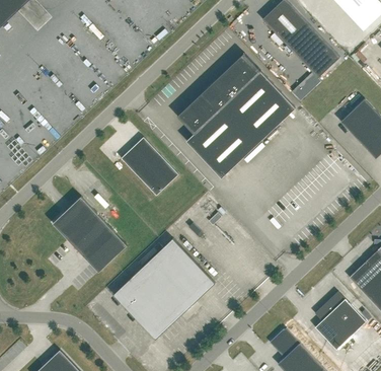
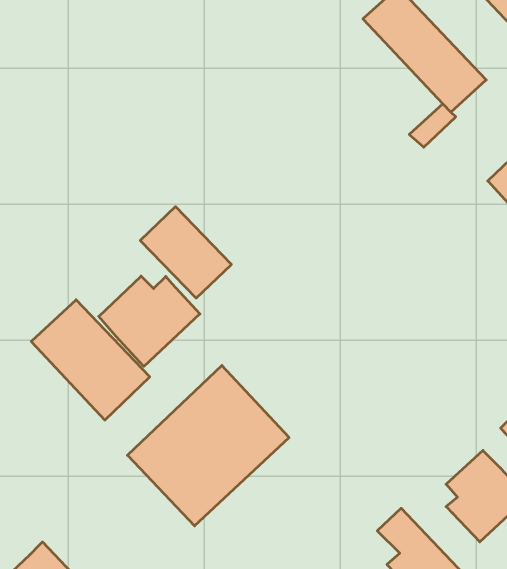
building: [176,53,295,177] -> none
building: none -> [99,276,200,366]

